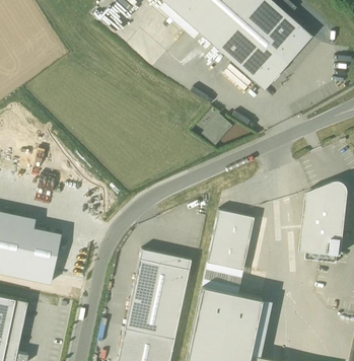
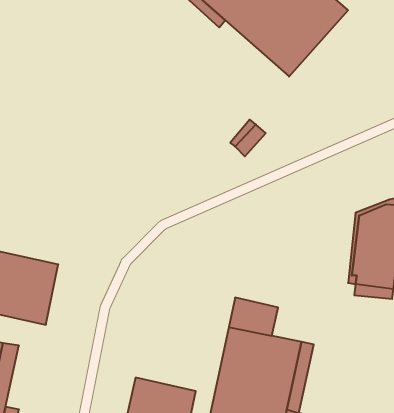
building: [252,24,312,89] -> none
building: [207,209,255,270] -> none
building: [125,248,192,339] -> none

